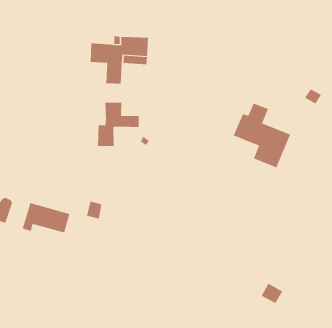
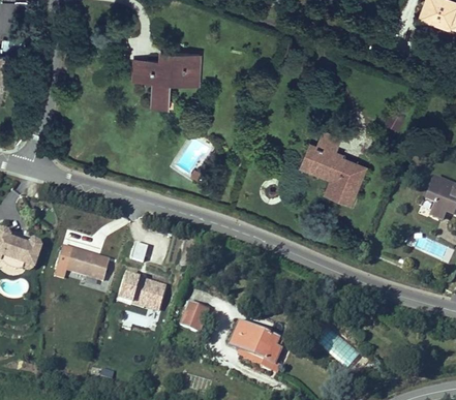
building: [97,102,139,147] -> none
building: none -> [114,274,165,315]
building: none -> [178,303,206,335]
building: none -> [226,321,287,374]

